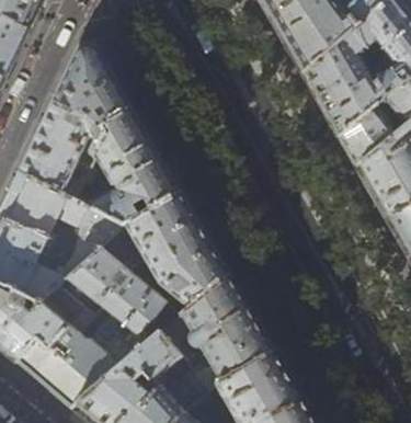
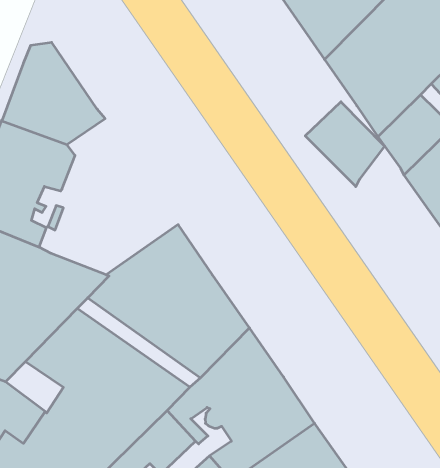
building: [83,105,182,225] -> none
building: none -> [305,102,385,187]

